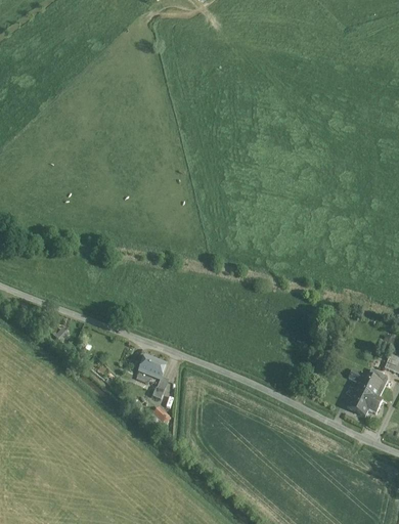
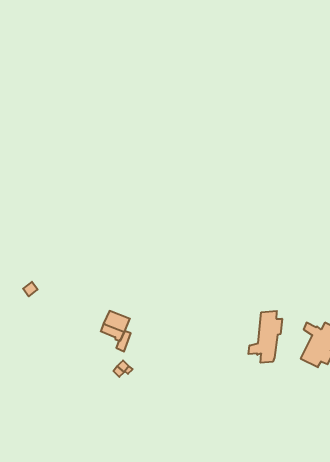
building: none -> [248,311,282,363]

